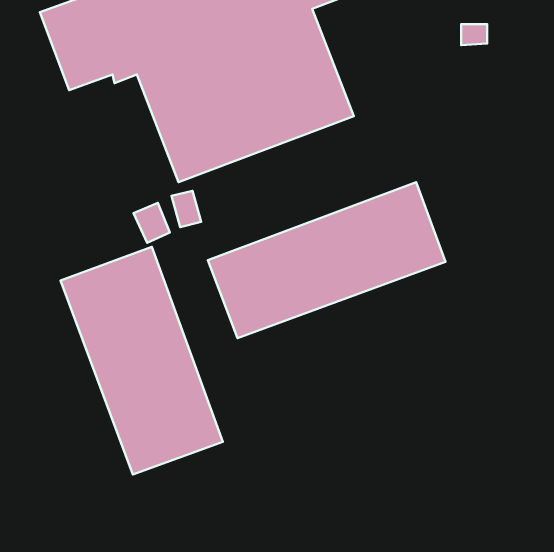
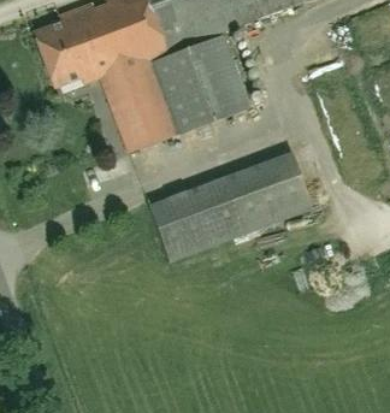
building: [61,247,223,474] -> none

